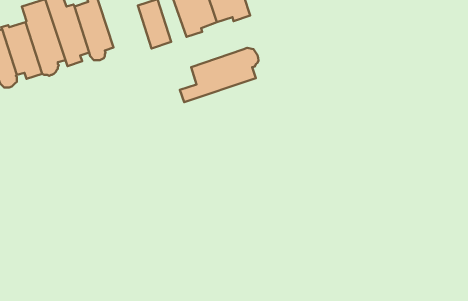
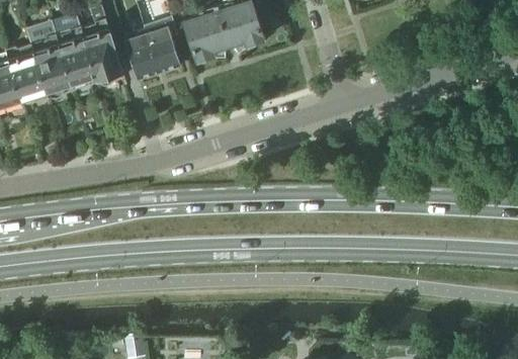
building: none -> [124,27,161,79]
building: [180,48,259,102] -> none

